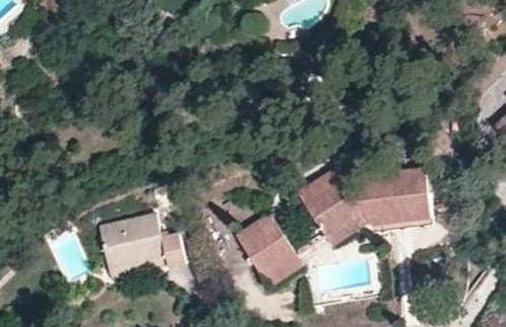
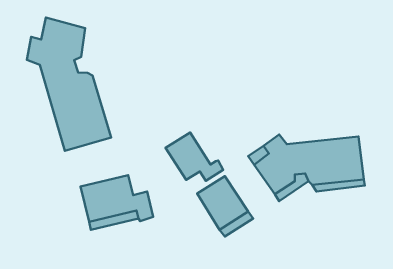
building: none -> [27,17,111,151]
building: none -> [166,132,223,181]

